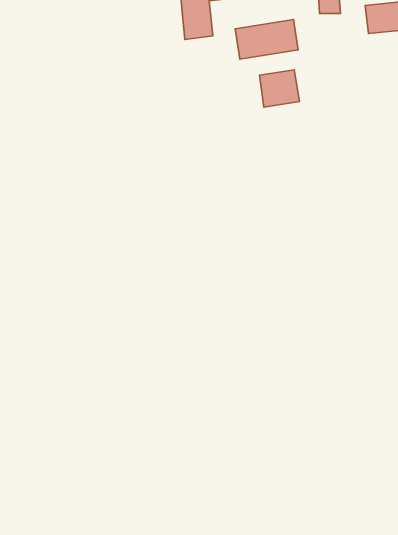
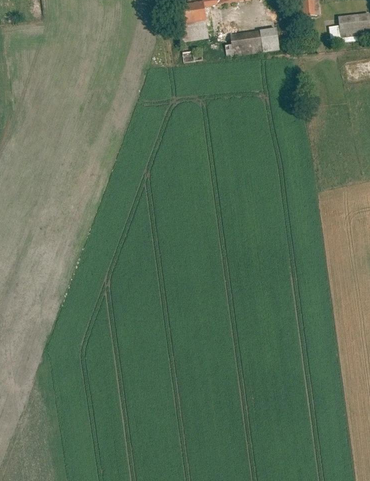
building: [260,70,300,107] -> none

